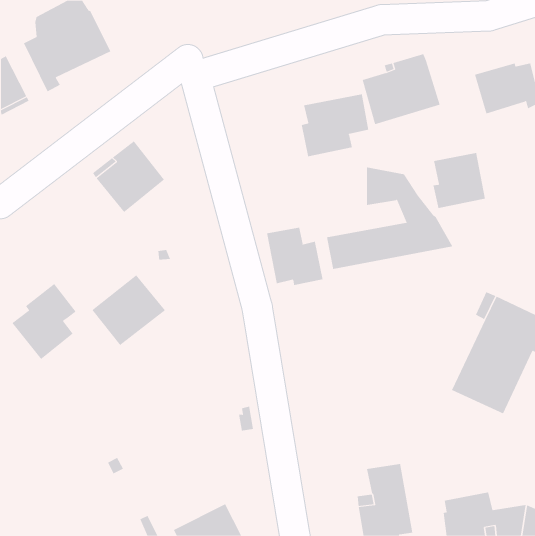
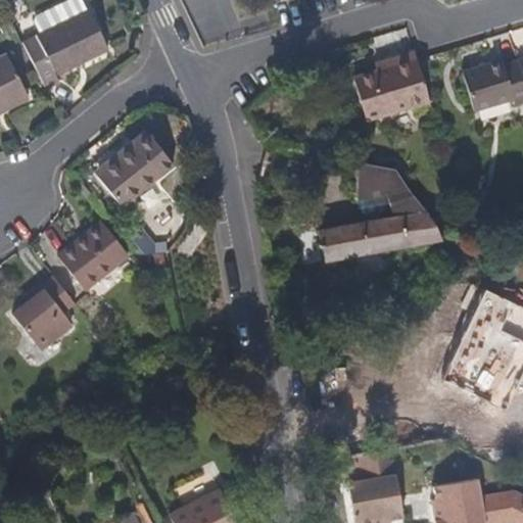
building: [301,94,369,157] -> none
building: [433,152,485,209] -> none
building: [267,227,323,286] -> none
building: [91,274,166,346] -> [57,222,130,291]

